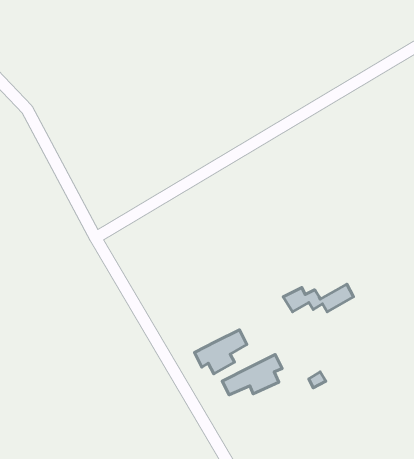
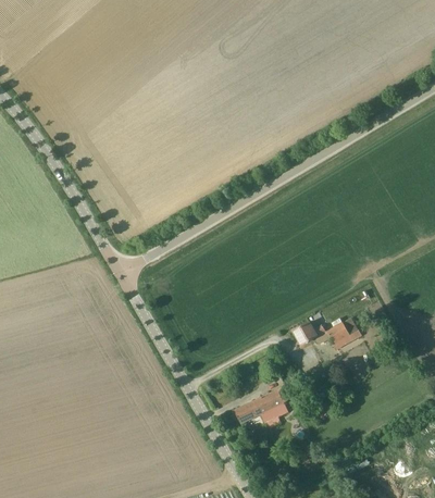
building: [194,330,247,374] -> none

